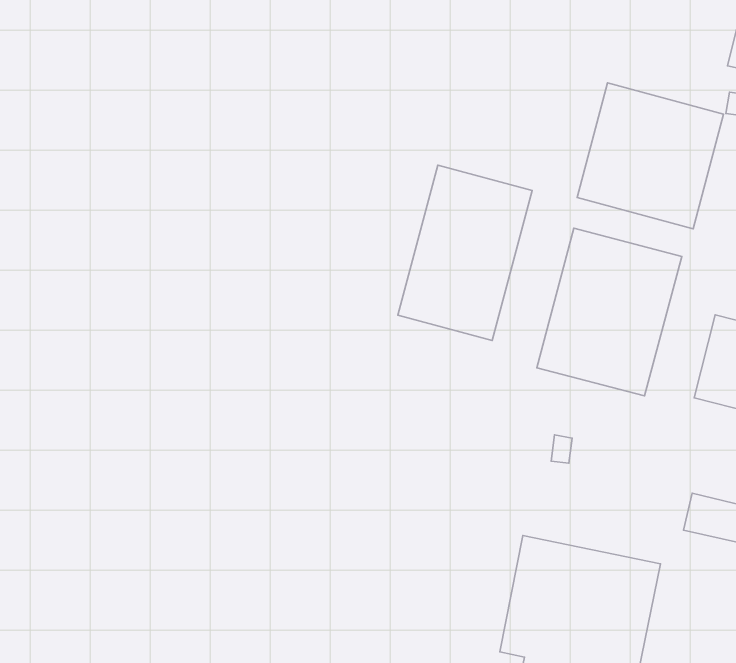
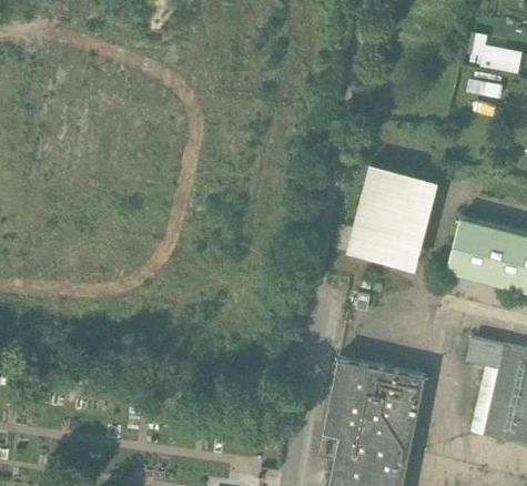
building: [577,83,724,229] -> none
building: [398,165,532,341] -> none

